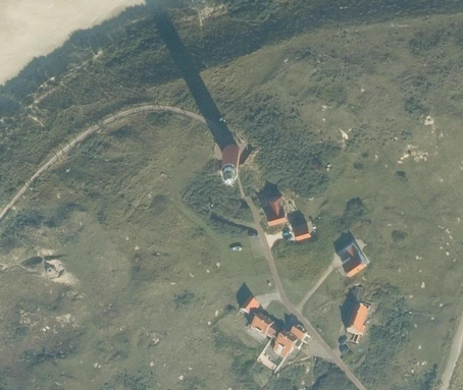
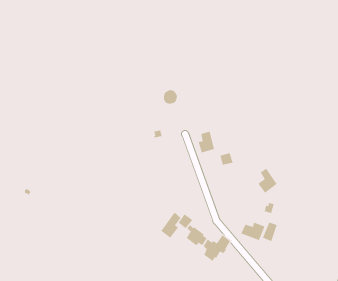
building: none -> [160,212,181,239]
building: none -> [241,222,265,241]

